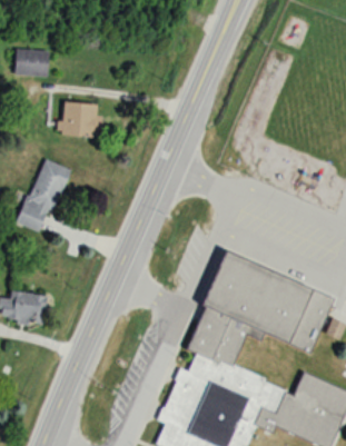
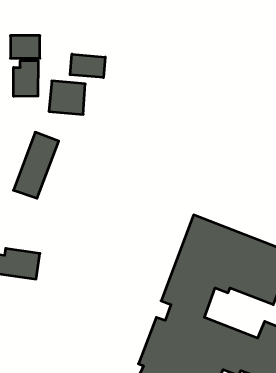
building: none -> [70,54,105,78]
building: none -> [14,61,38,96]

